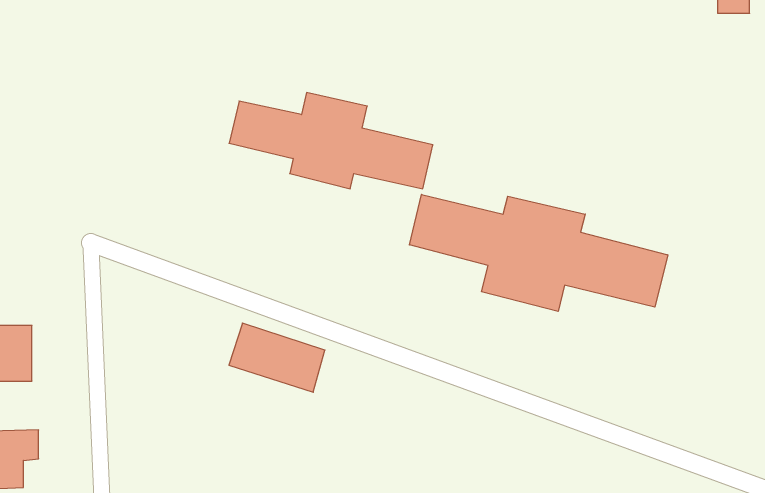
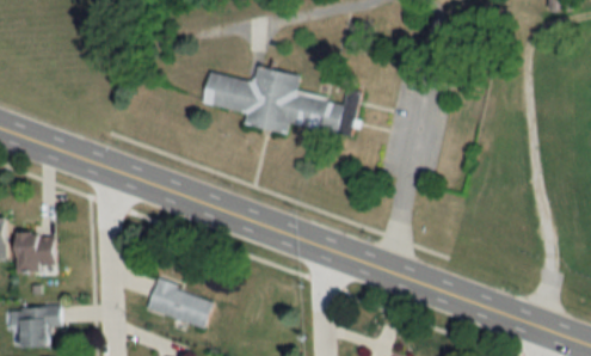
building: [409,194,668,311] -> none
building: [229,323,325,392] -> [150,280,218,329]

